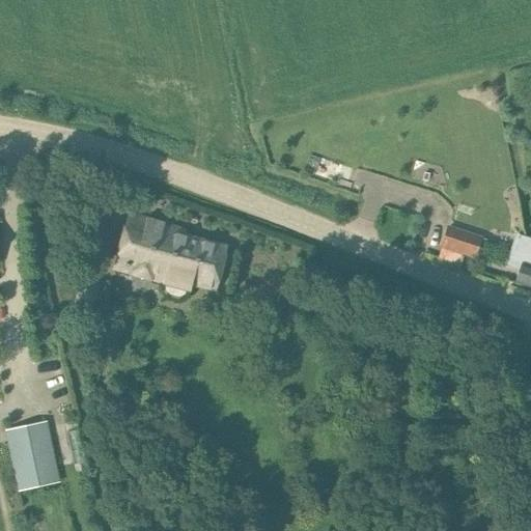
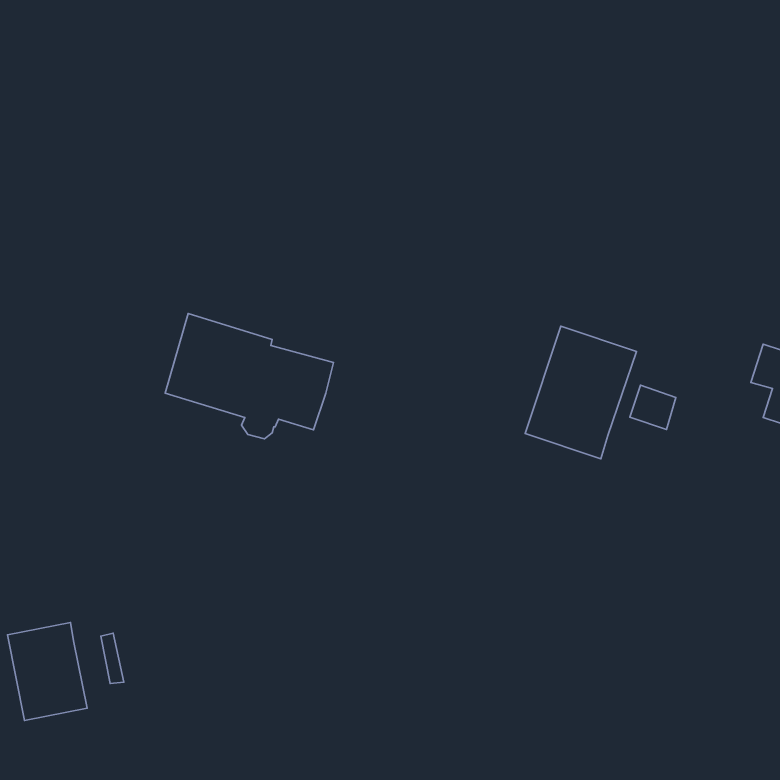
building: none -> [525,326,636,459]
building: [442,224,473,254] -> [630,385,676,430]

